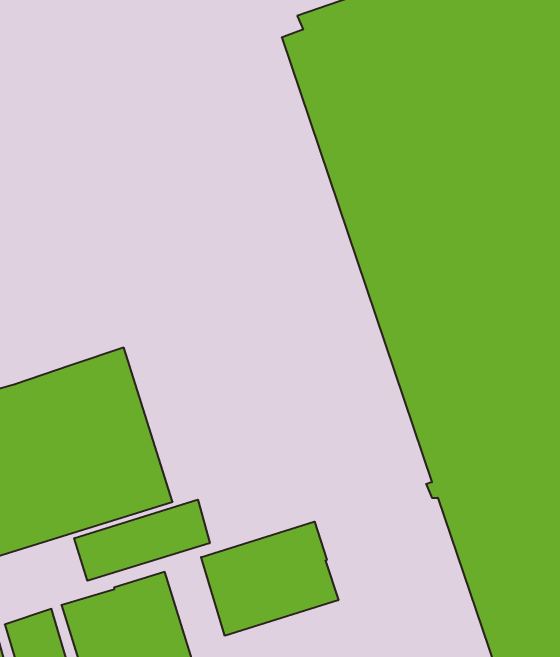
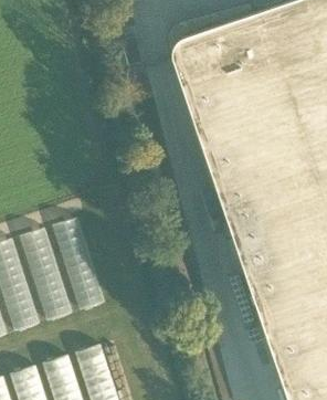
building: [74,500,210,581] -> none
building: [201,522,338,636] -> none

